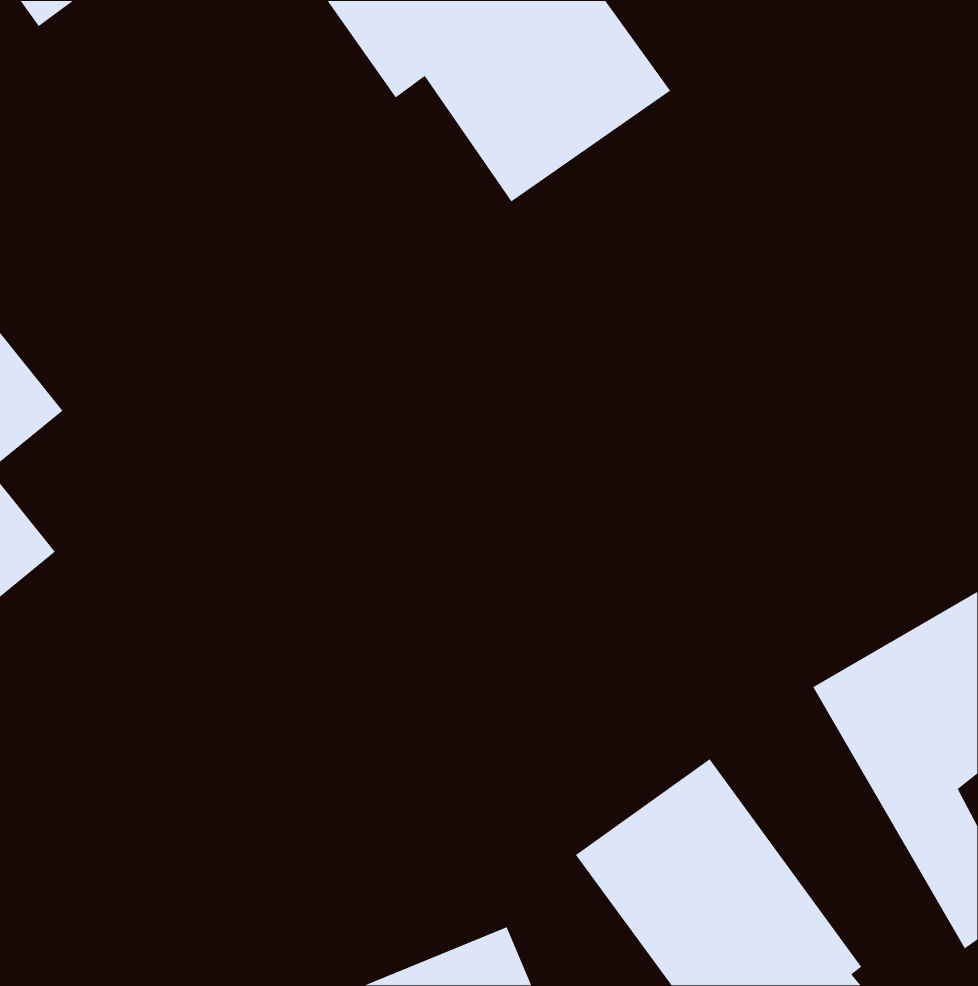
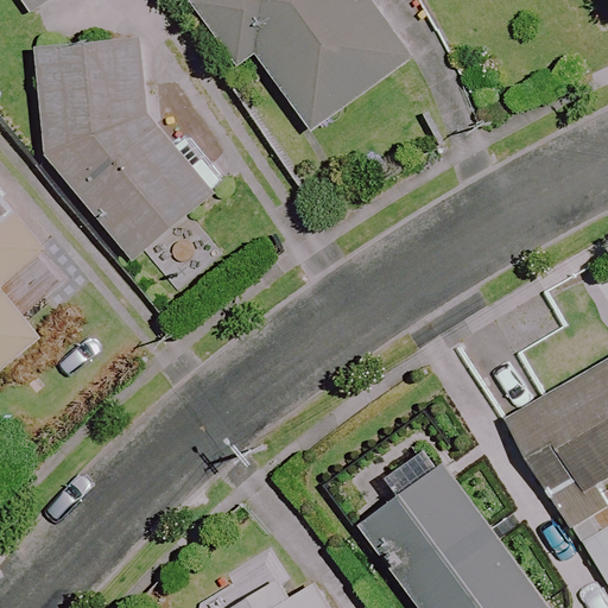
building: none -> [40,30,217,254]

